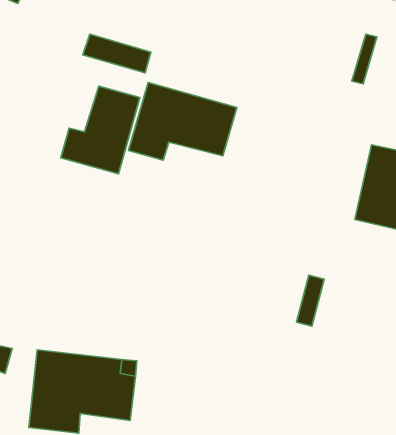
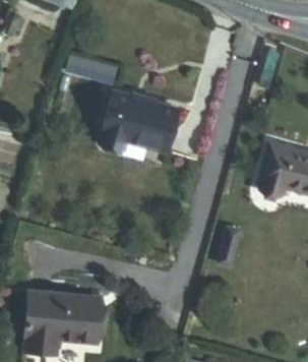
building: [61,86,140,174] -> none

